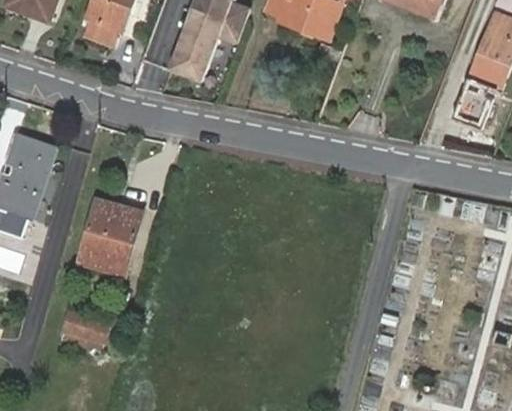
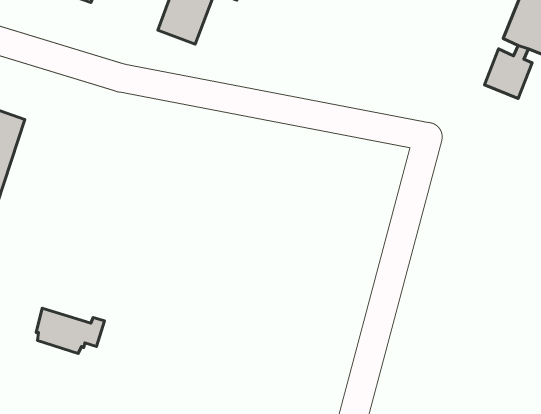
building: [80,200,139,273] -> none

